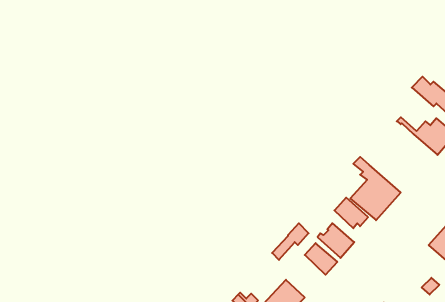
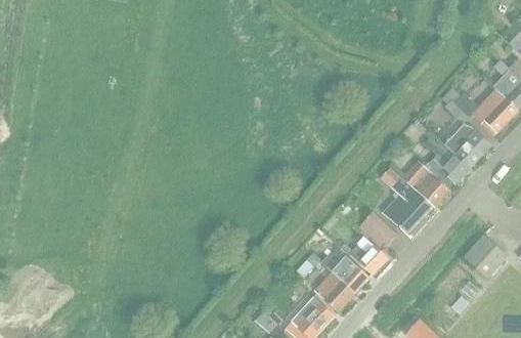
building: none -> [427,134,470,183]
building: none -> [390,160,447,206]
building: none -> [315,270,354,309]

